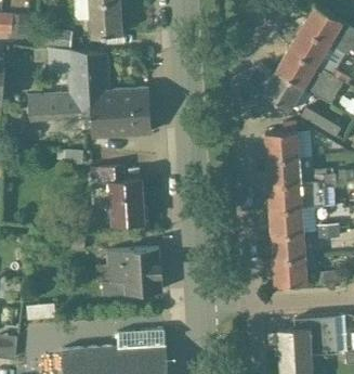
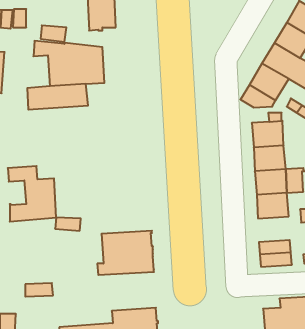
building: [91,90,153,137] -> none
building: [93,167,144,225] -> [8,166,56,222]
building: [272,233,305,260] -> none

